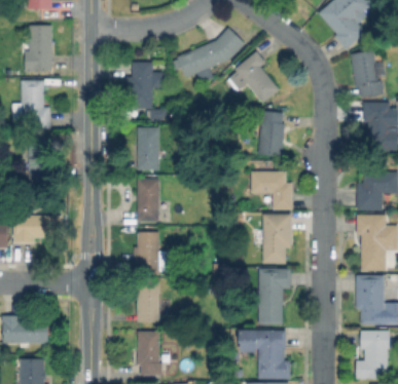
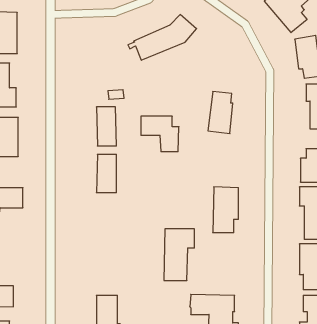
building: [226,51,278,103] -> none
building: [125,62,152,108] -> none
building: [251,171,292,209] -> [141,116,179,152]
building: [133,232,169,270] -> none
building: [257,268,290,323] -> [164,229,194,280]
building: [138,283,158,321] -> none

